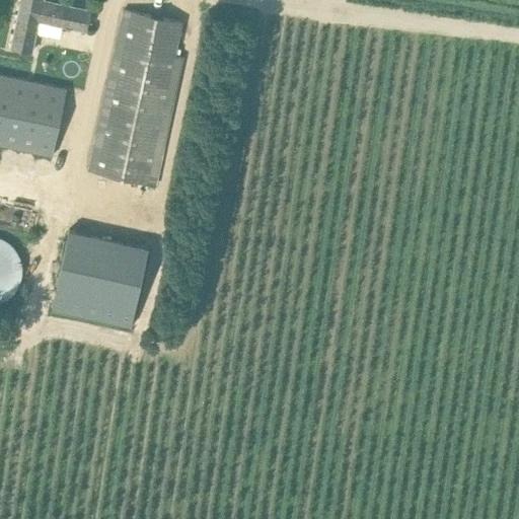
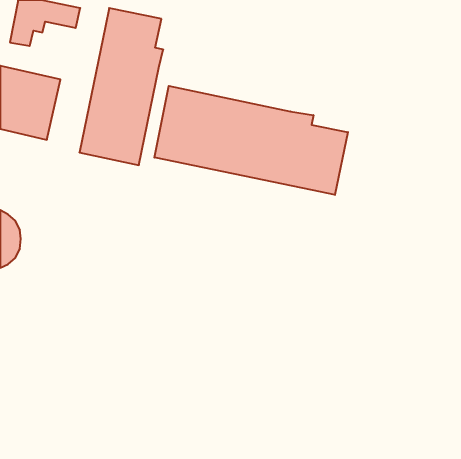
building: none -> [154,86,348,195]
building: [54,232,147,328] -> none

